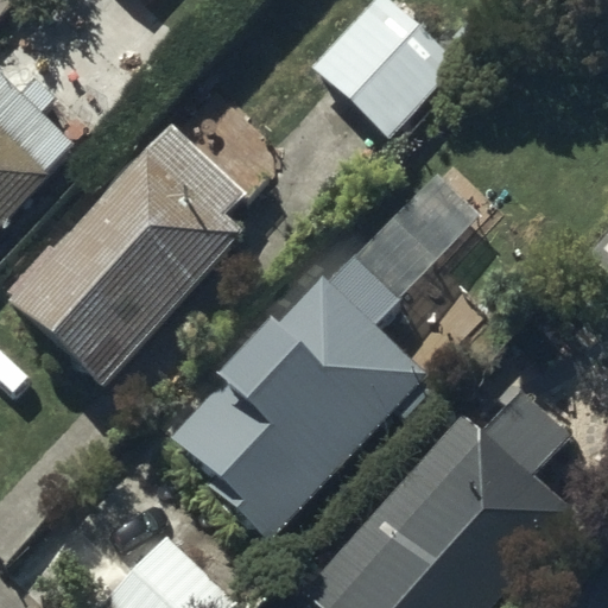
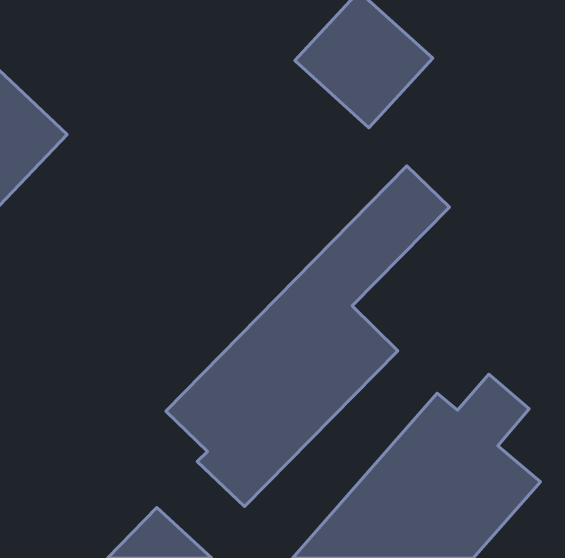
building: [12,125,242,380] -> none

